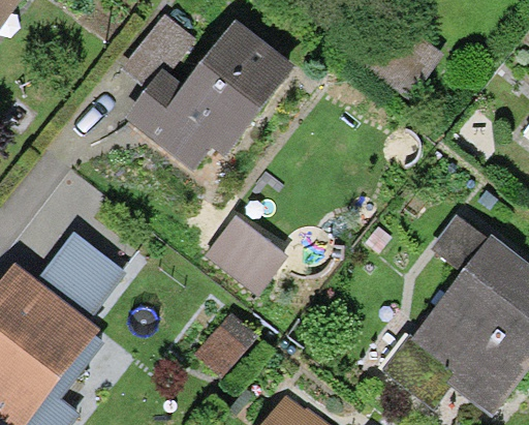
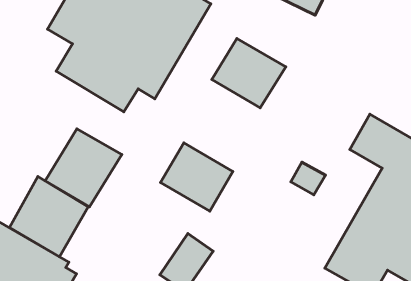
building: none -> [212,39,286,108]
building: none -> [45,129,122,207]

